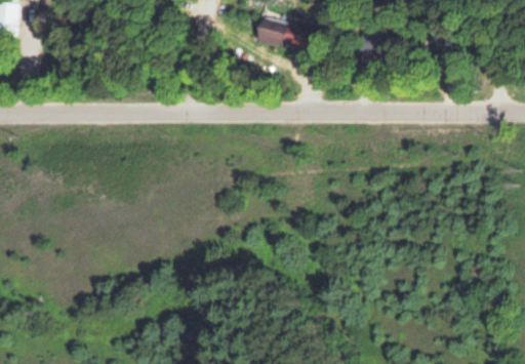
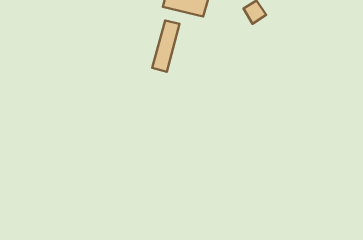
building: none -> [152,20,179,72]

